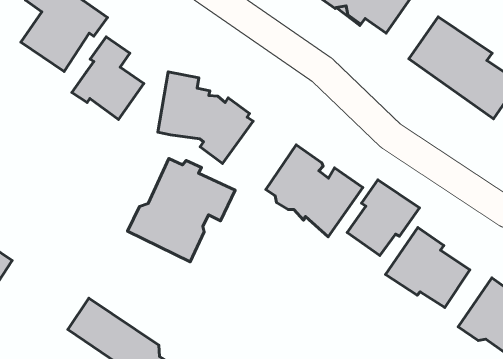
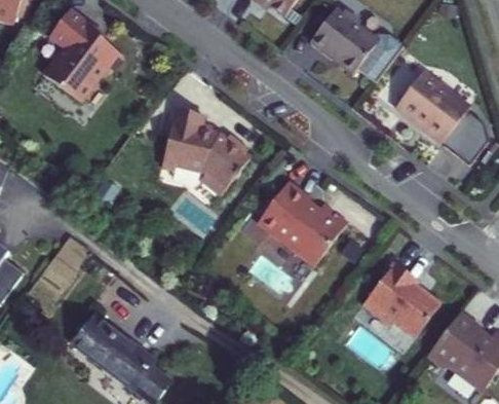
building: [72,37,144,120] -> none
building: [127,158,235,262] -> none
building: [347,180,419,255] -> none

